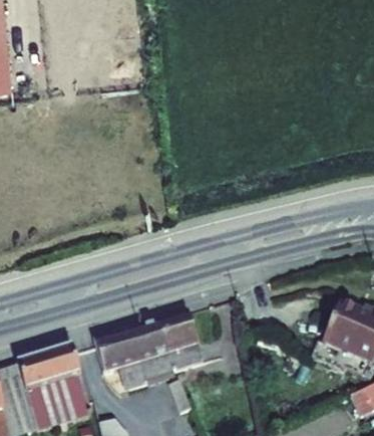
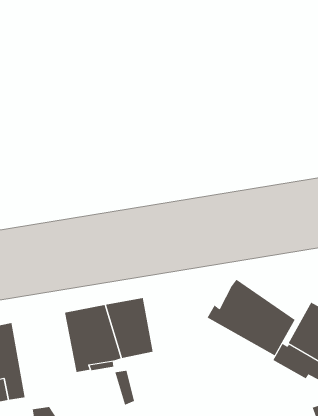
building: none -> [207,279,296,356]
building: [94,332,134,387] -> none

